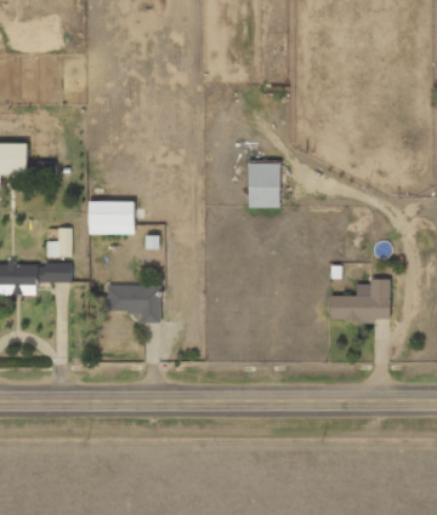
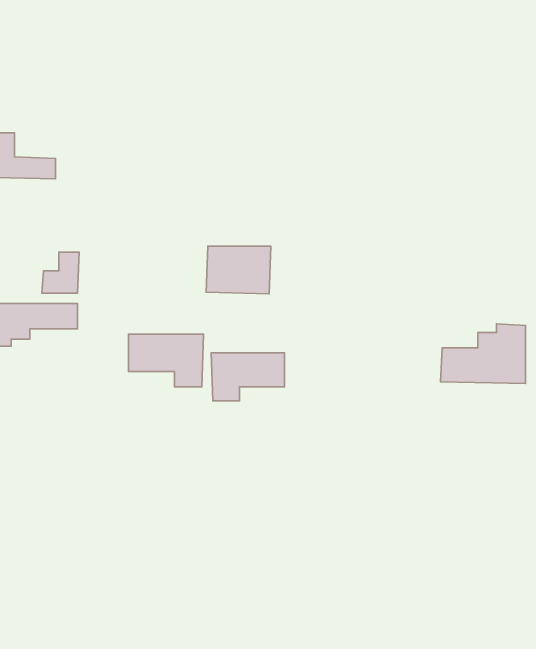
building: [248,164,279,207] -> none
building: [87,201,134,235] -> [206,246,271,294]
building: none -> [211,353,284,401]

